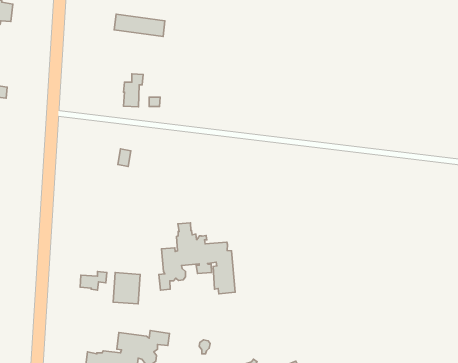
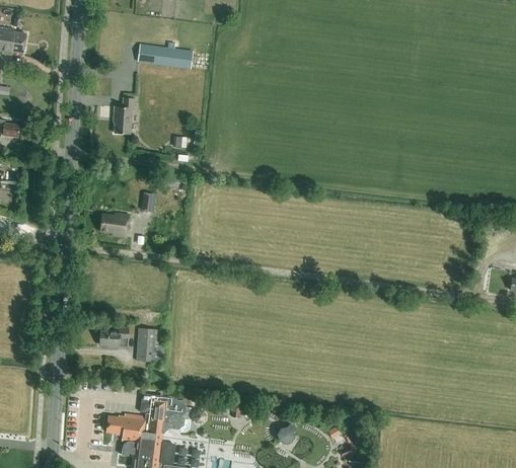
building: [124,74,143,107] -> [114,97,135,134]
building: none -> [99,213,129,236]
building: [159,223,235,294] -> none

